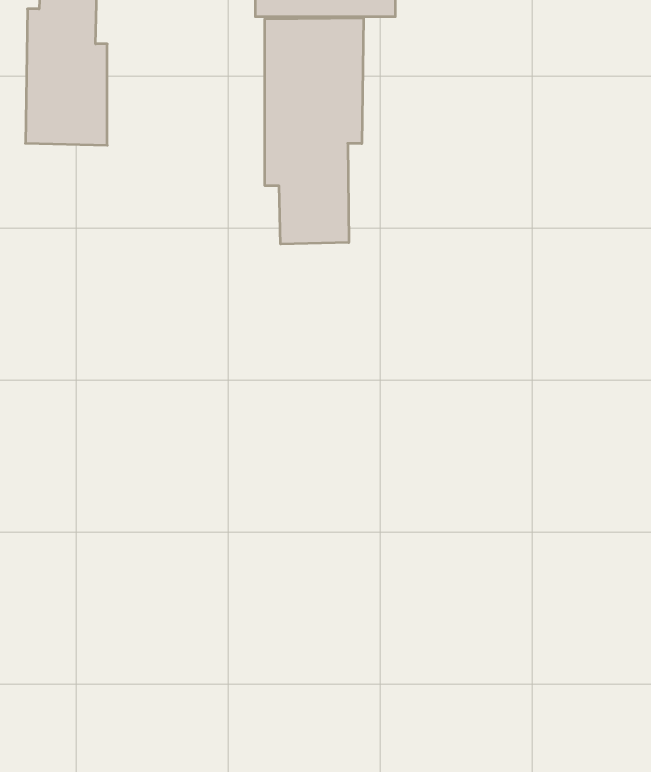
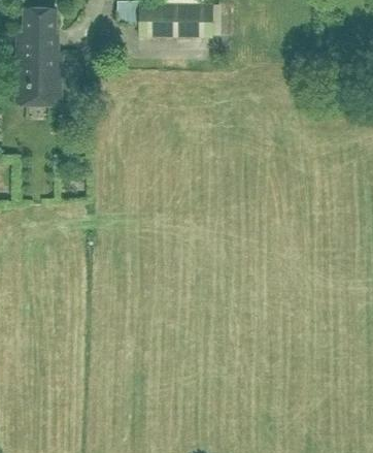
building: [265,18,364,244] -> none

